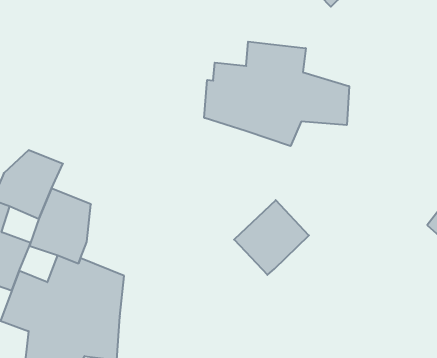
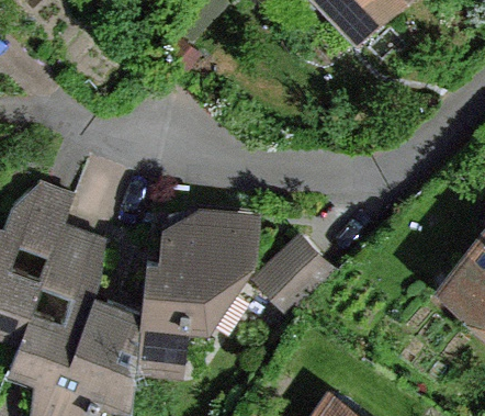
building: [204,42,349,146] -> none
building: none -> [135,222,253,364]

